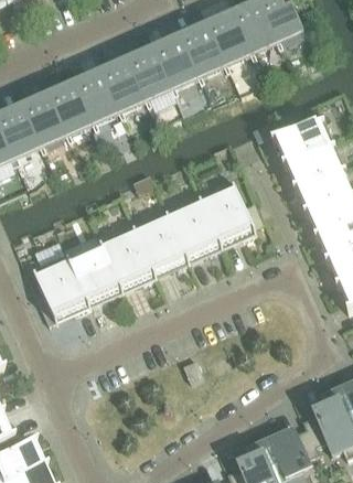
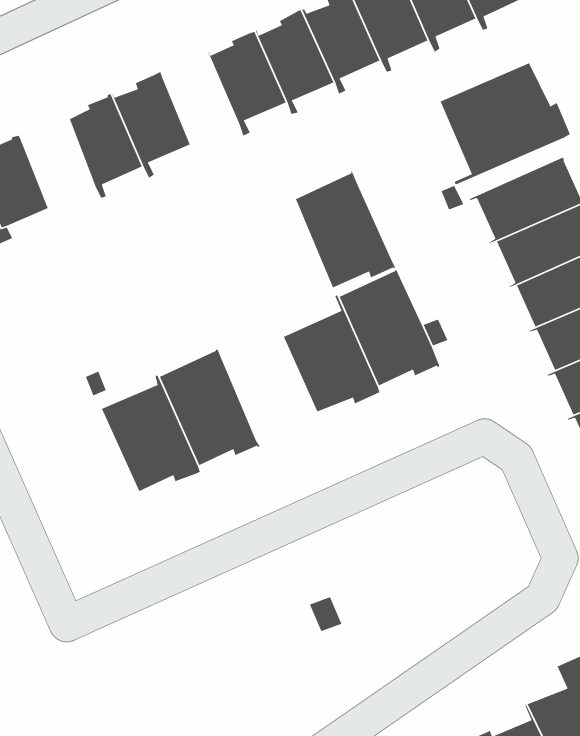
building: [101,57,143,116] -> none
building: none -> [439,62,571,185]
building: [23,92,64,151] -> none
building: [132,207,189,272] -> [295,171,397,289]
building: [31,251,89,320] -> none

